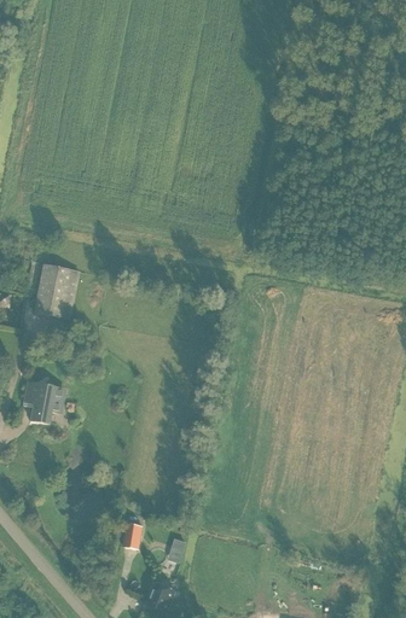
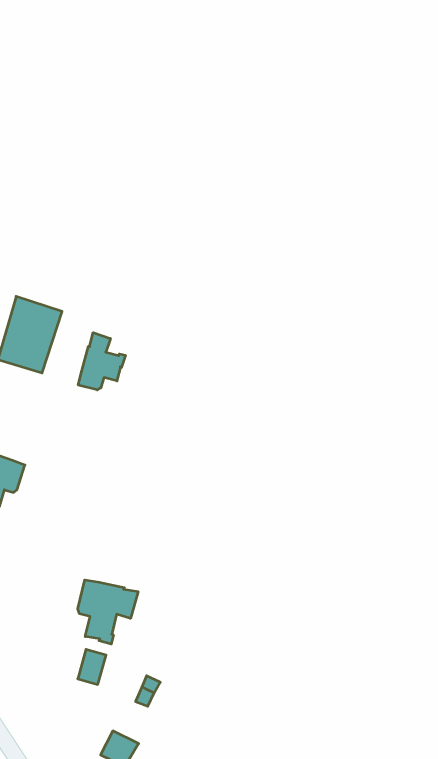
building: none -> [78,333,125,390]
building: none -> [78,580,138,644]

